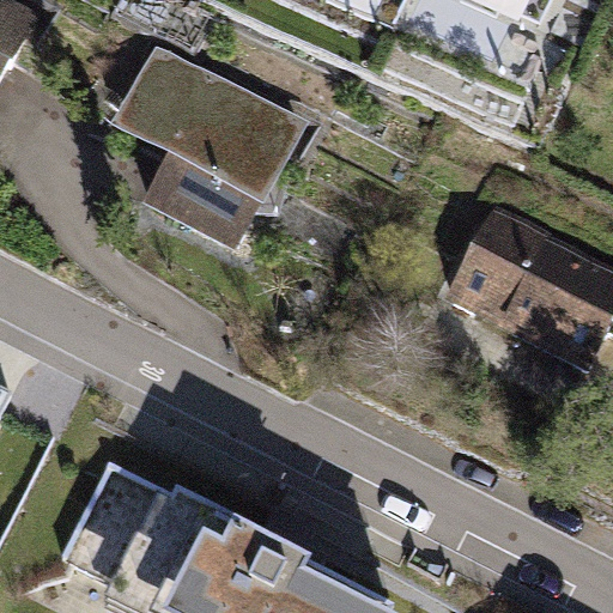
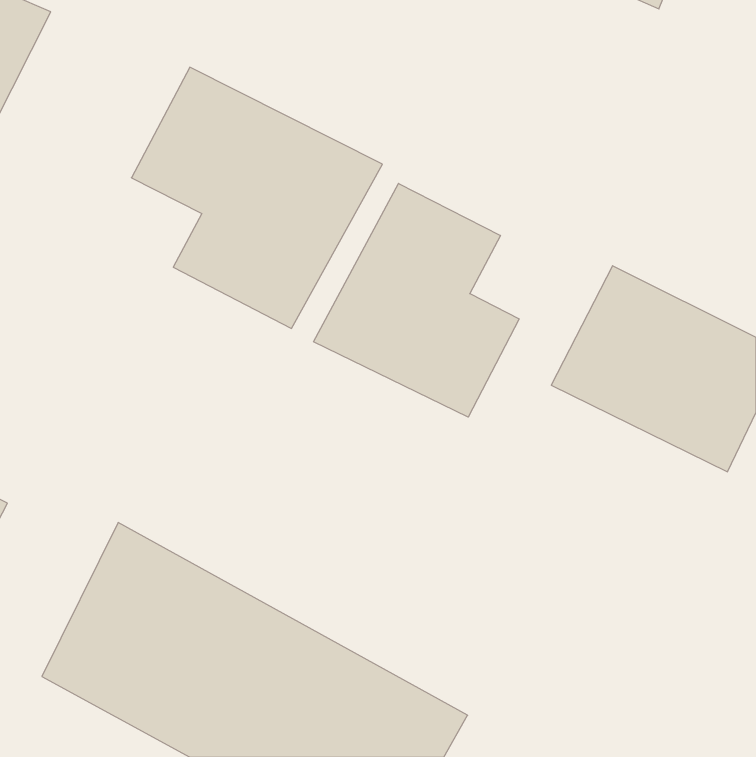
building: none -> [314,183,519,417]

